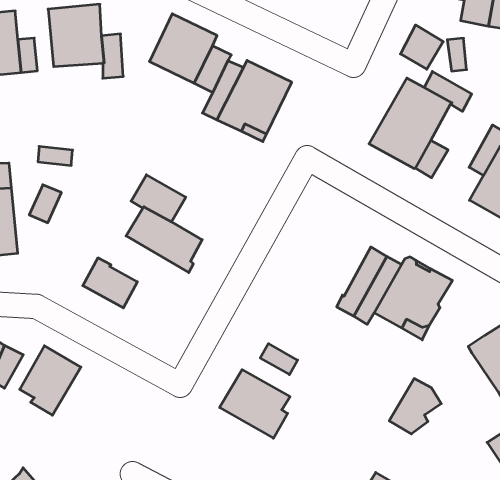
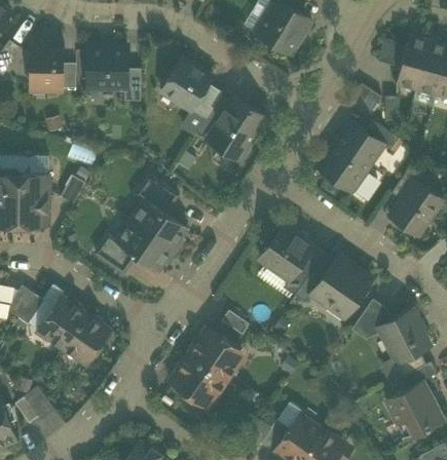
building: none -> [260,227,312,281]
building: none -> [116,221,175,271]
building: none -> [63,315,111,366]
building: [389,379,441,434] -> [351,300,392,341]
building: none -> [170,355,226,407]

